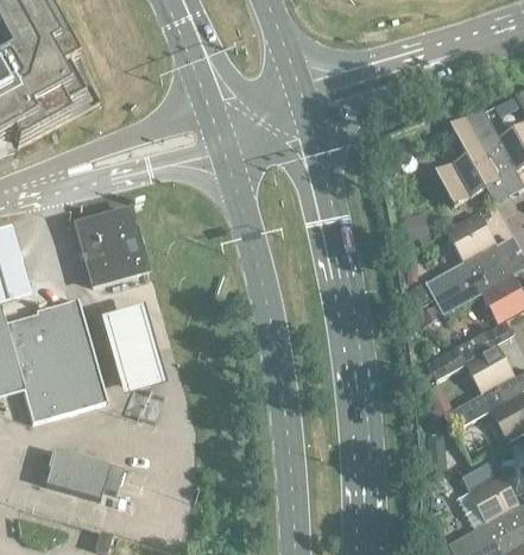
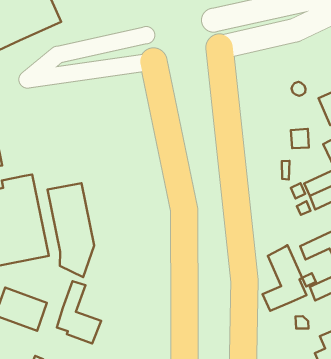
building: [75,208,146,284] -> none
building: none -> [262,245,306,311]
building: none -> [57,281,101,343]

